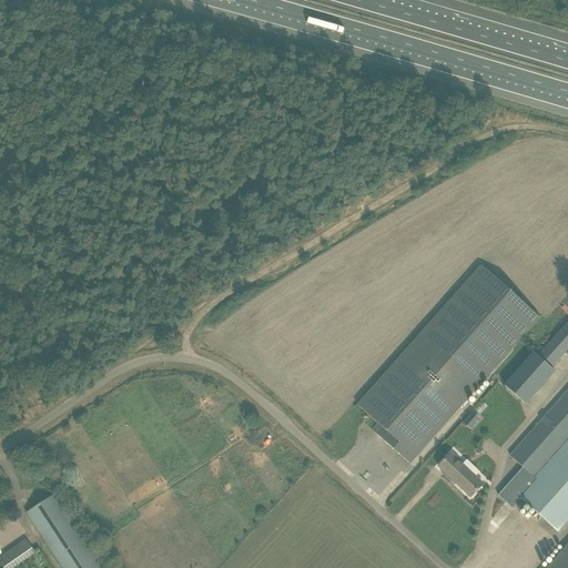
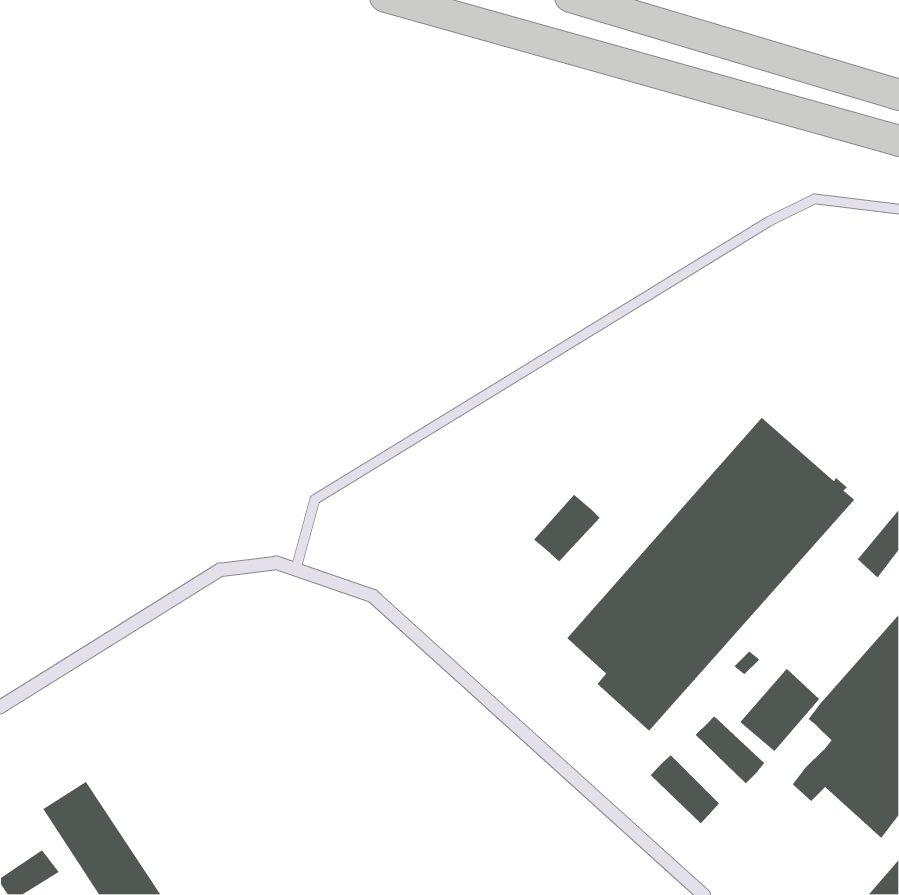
building: none -> [533,494,600,562]
building: [504,349,555,403] -> [739,668,820,752]
building: none -> [650,755,720,824]

